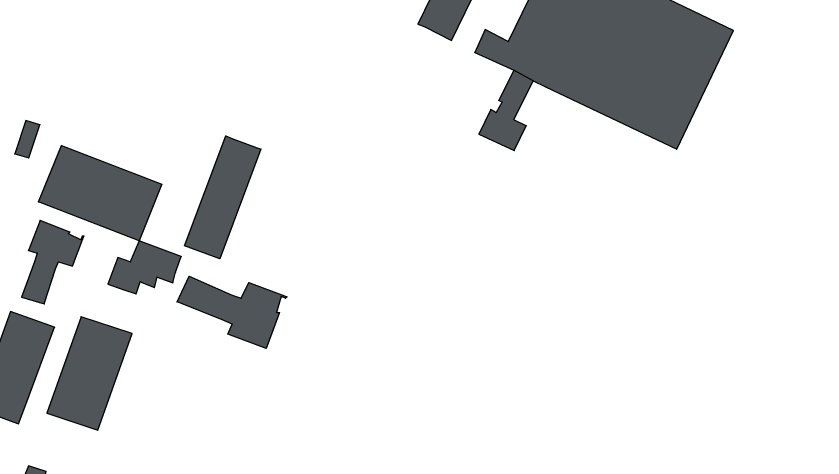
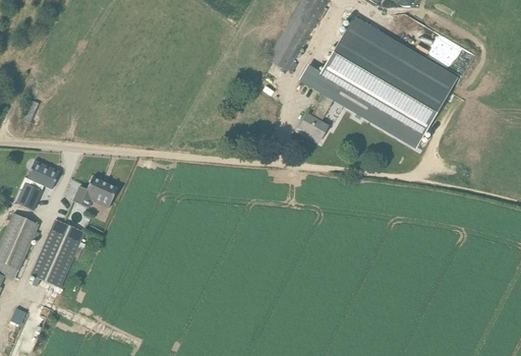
building: [185,136,261,259] -> none
building: [38,146,162,241] -> none
building: [177,276,287,348] -> none

